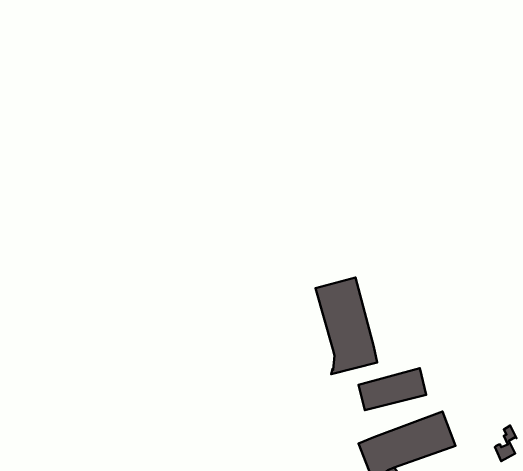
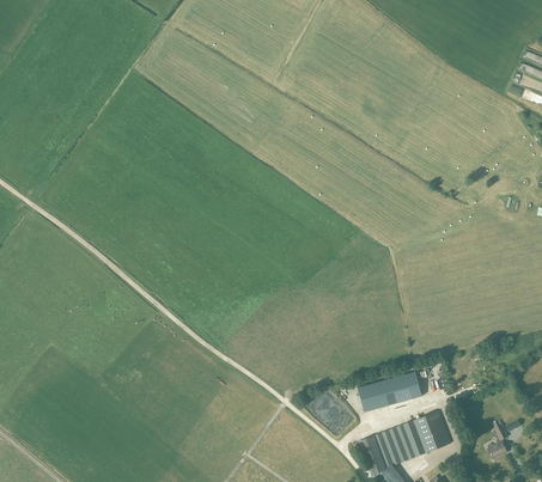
building: [316,278,377,374] -> none

